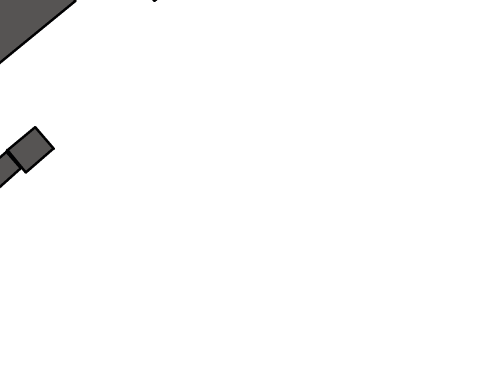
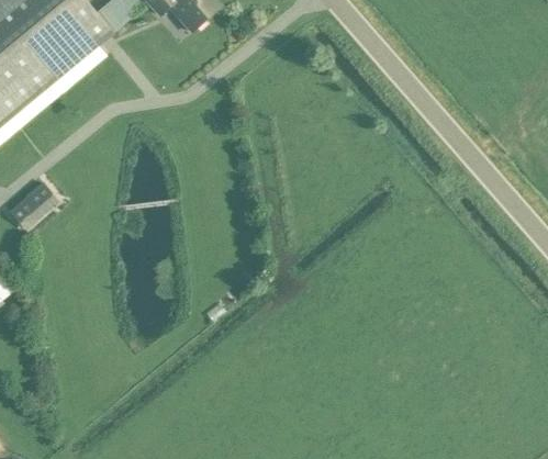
building: [7,127,54,172] -> none

